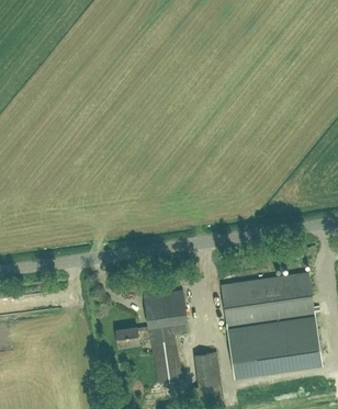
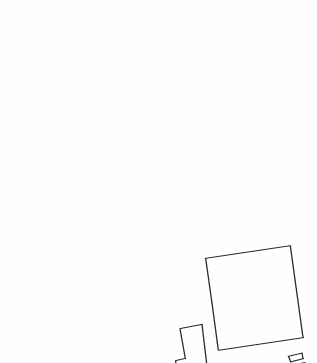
building: [115,291,187,384] -> none

